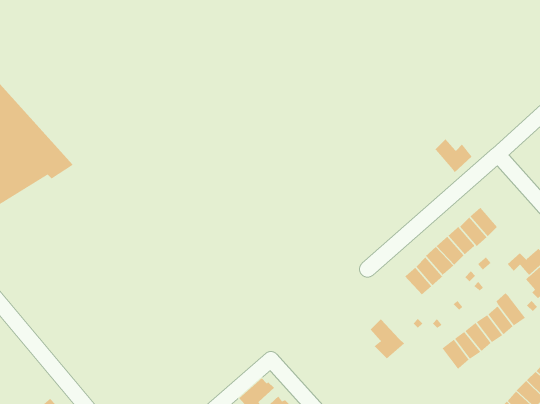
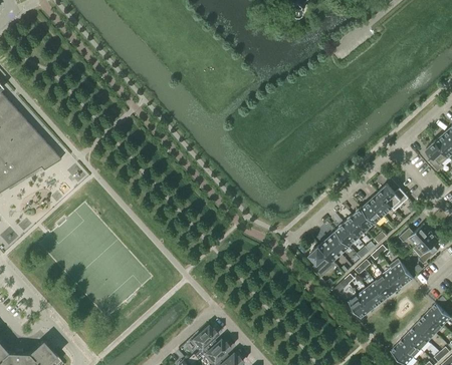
building: [434,138,473,173] -> [378,184,408,211]
building: [370,318,405,359] -> [309,245,336,277]

